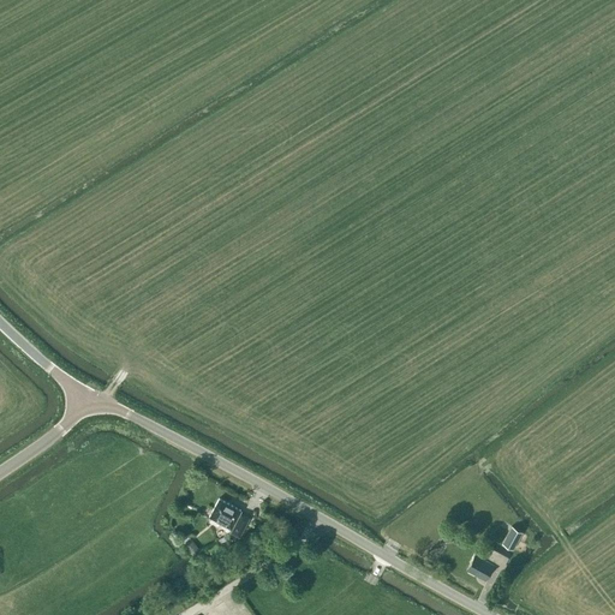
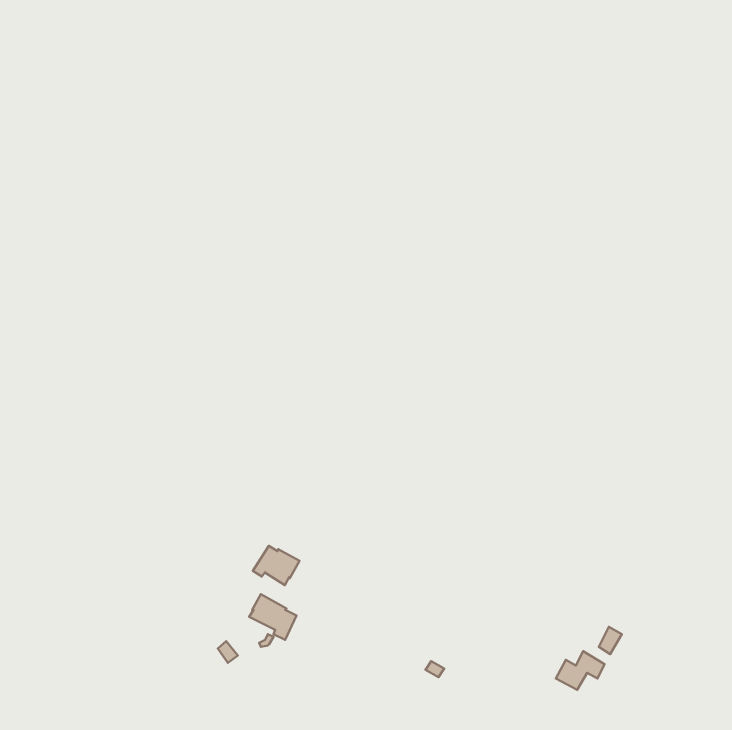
building: none -> [253,546,299,585]

